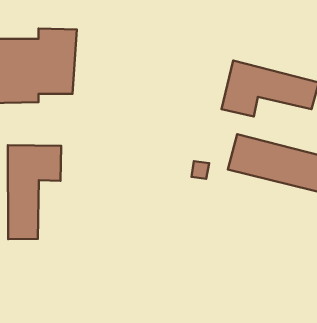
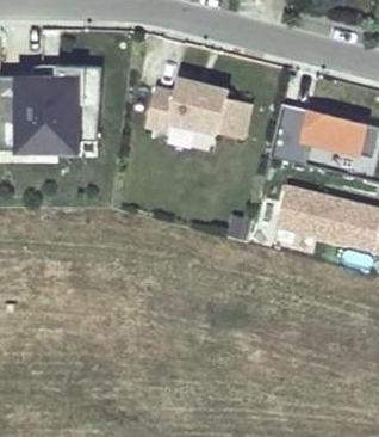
building: none -> [144,79,249,140]
building: [8,145,61,239] -> none

